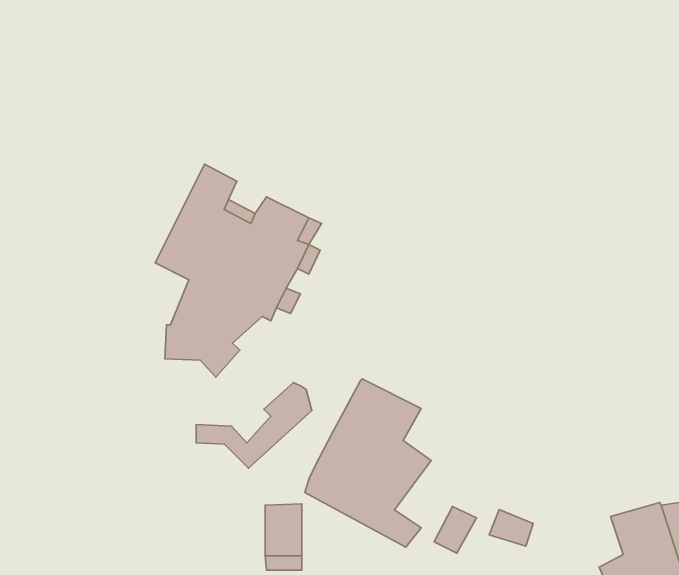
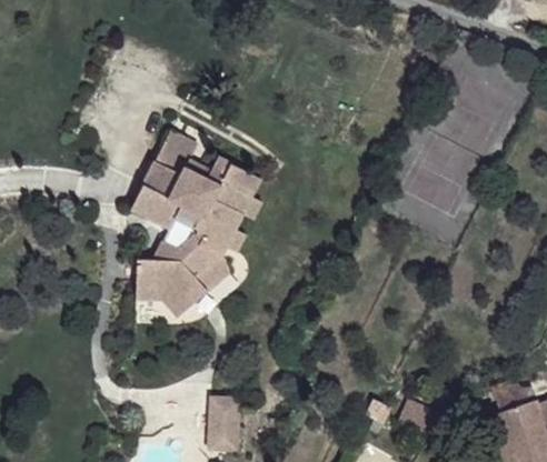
building: [305,379,431,547] -> none
building: [196,382,312,468] -> [140,251,231,319]

